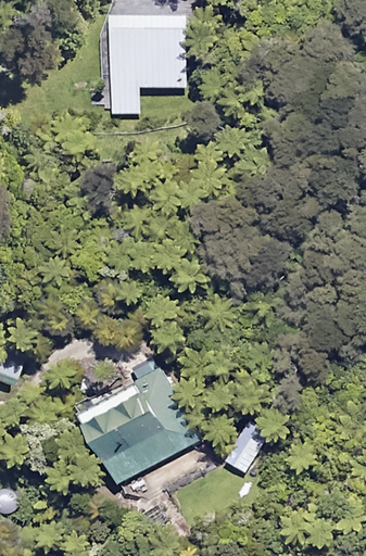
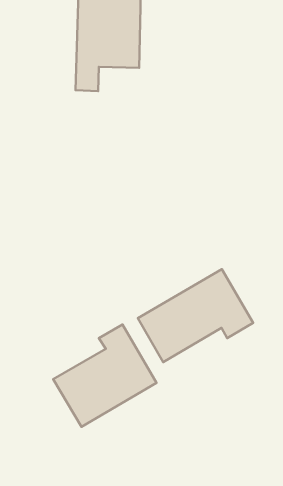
building: none -> [138,269,253,362]

